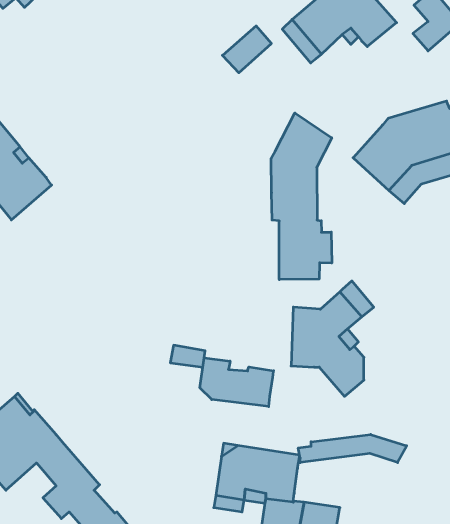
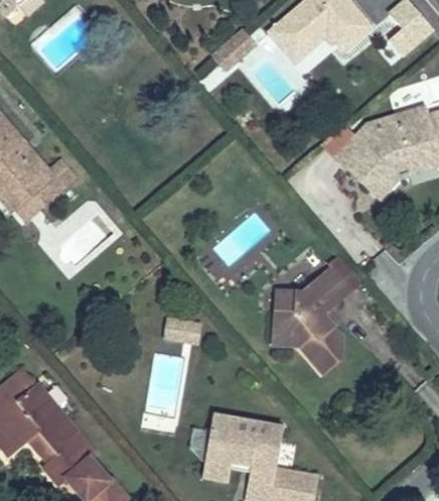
building: [271,113,332,280] -> none
building: none -> [15,161,75,222]
building: [200,358,274,407] -> none
building: [298,434,407,463] -> none

